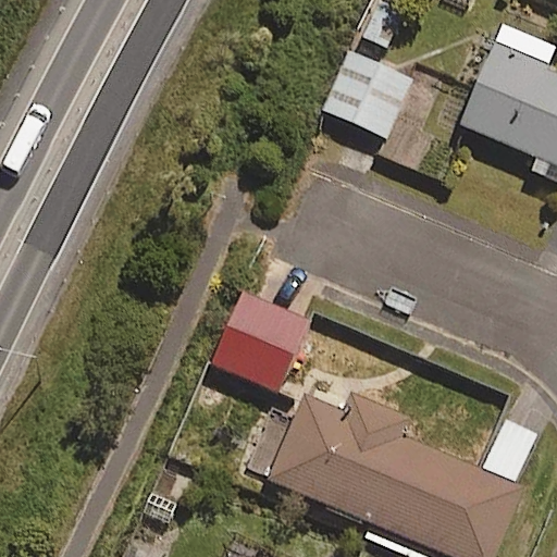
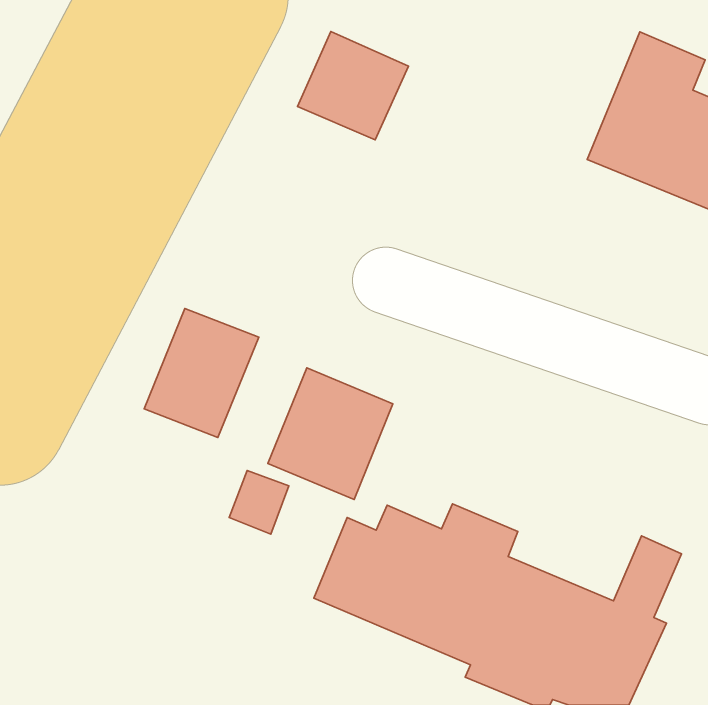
building: [324,50,411,135] -> [297,32,408,140]
building: none -> [144,308,259,437]

